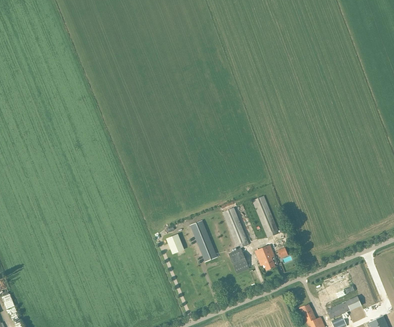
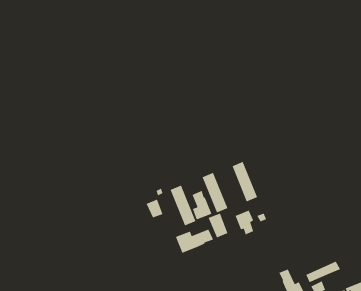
building: none -> [192,190,212,221]
building: none -> [175,229,214,254]

